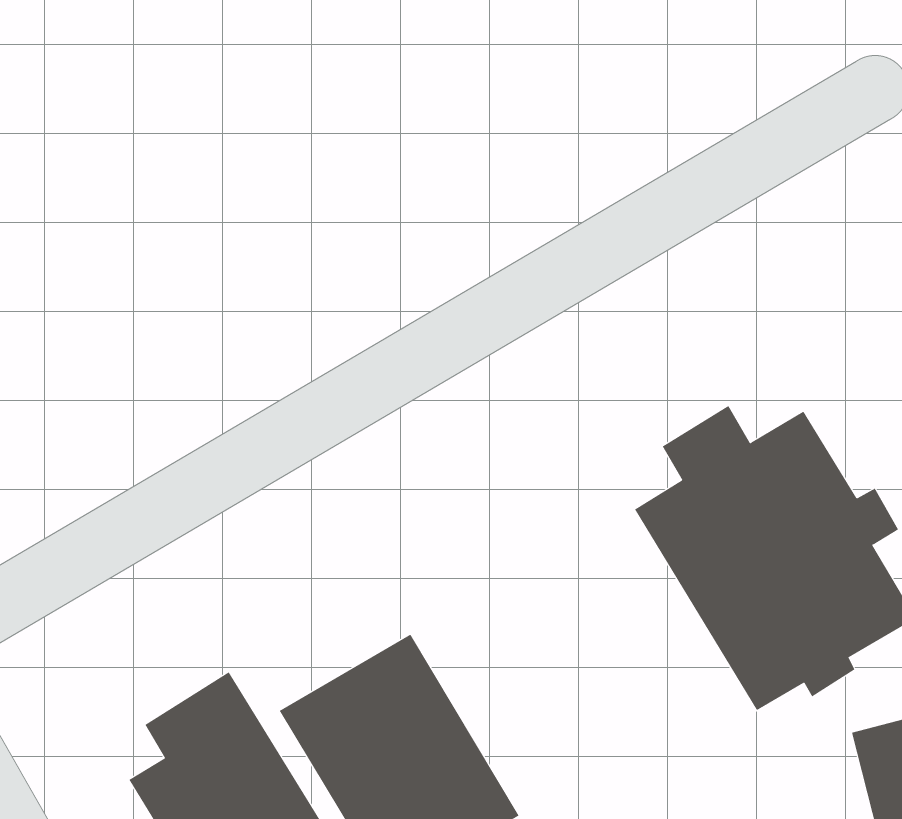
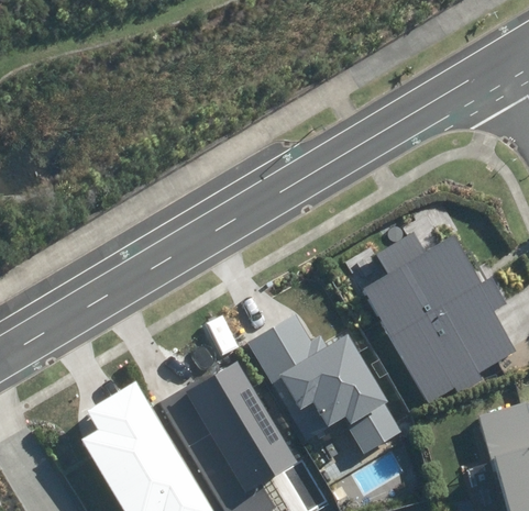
building: none -> [249,315,404,454]

